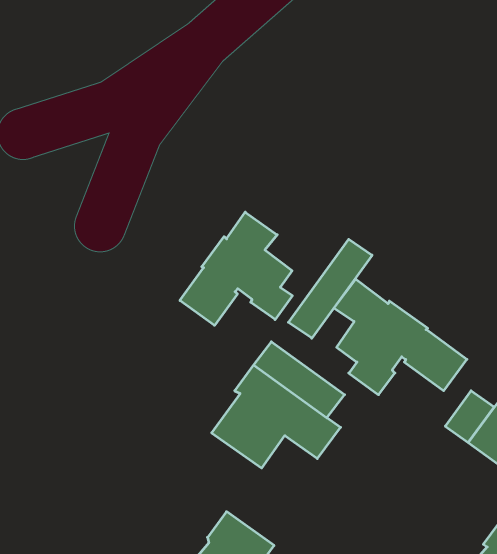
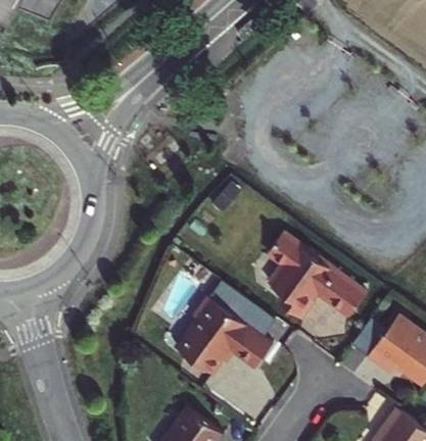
building: [180,212,292,325] -> none
building: [288,239,372,338] -> none

